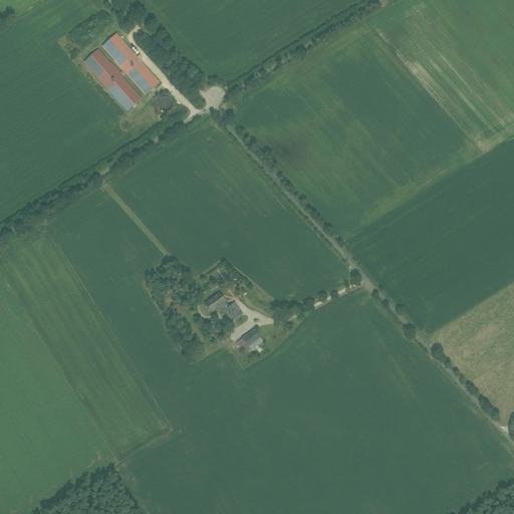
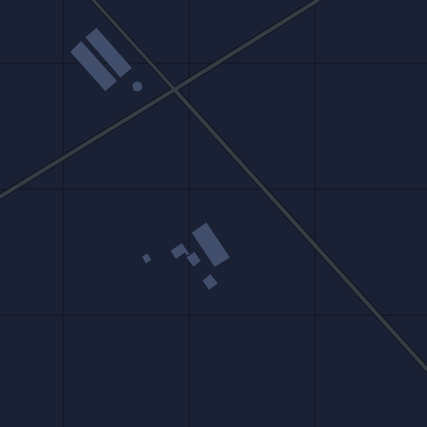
building: none -> [191,222,231,268]

